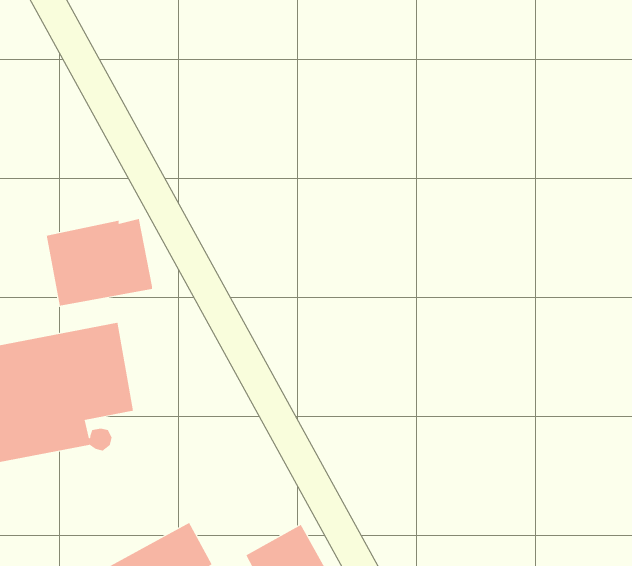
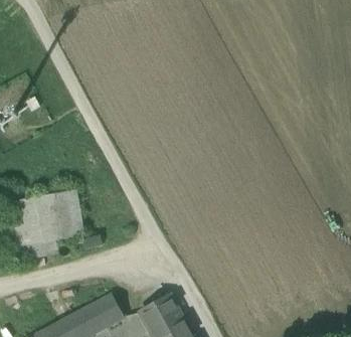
building: [46,218,153,306] -> none

